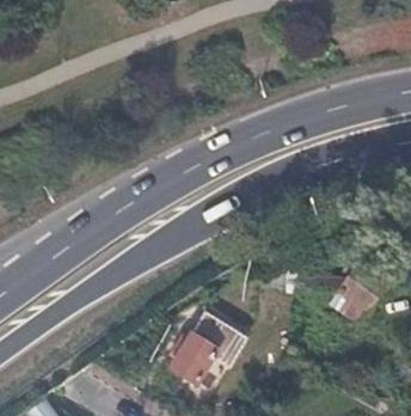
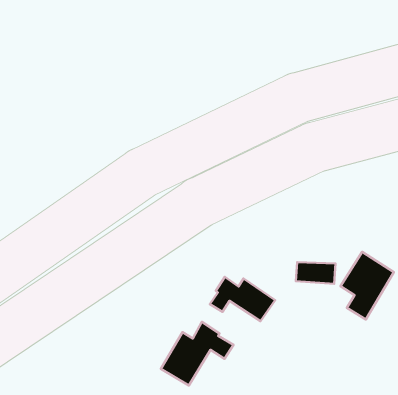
building: none -> [210,277,275,321]

